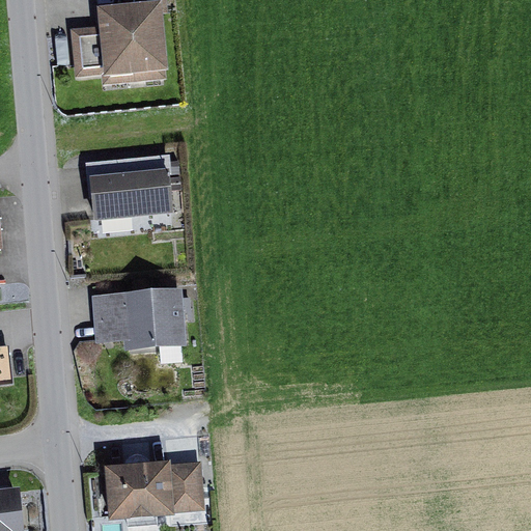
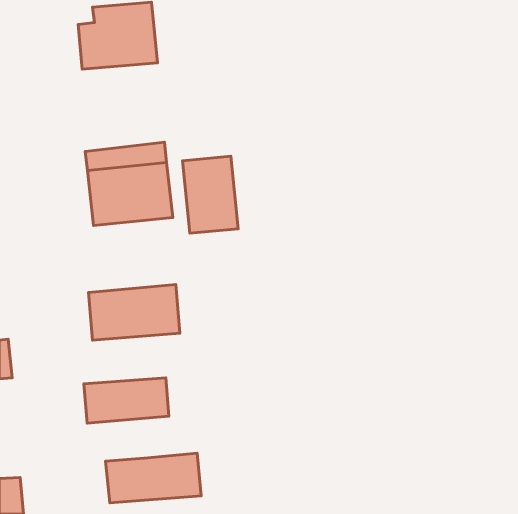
building: none -> [183,156,238,233]
building: none -> [84,378,169,423]

